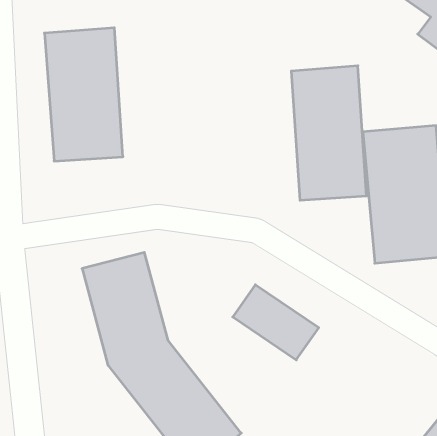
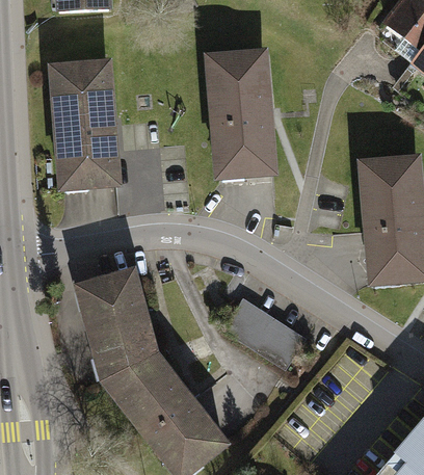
building: [291,66,367,200] -> [201,46,273,176]

